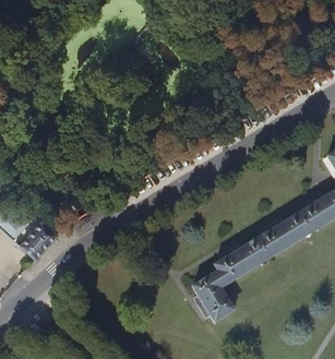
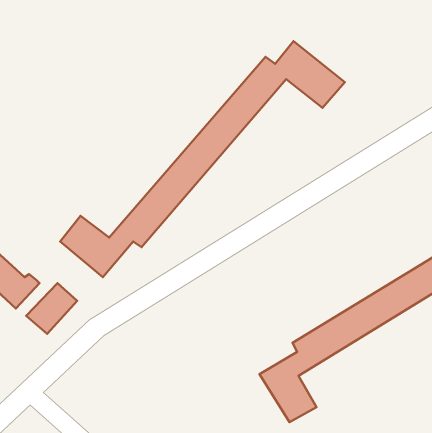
building: none -> [60,41,345,277]

